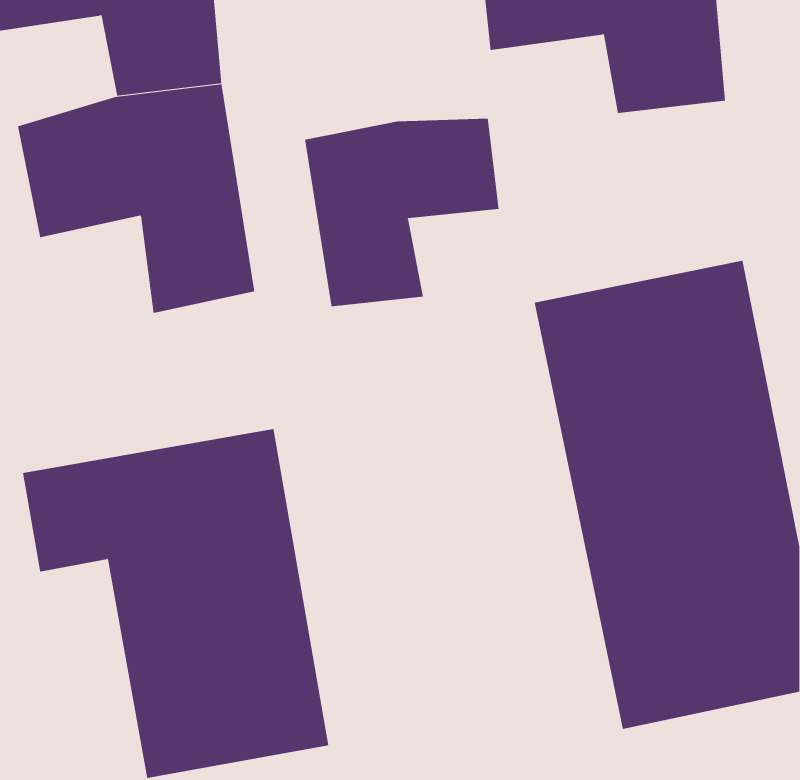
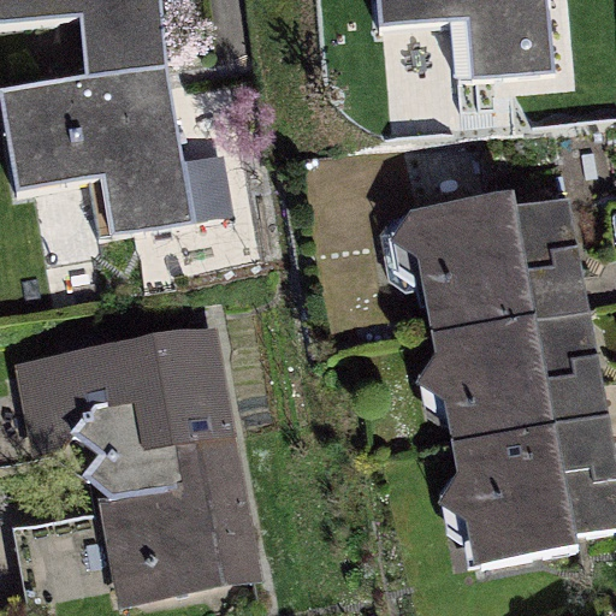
building: [305,118,499,307] -> none

